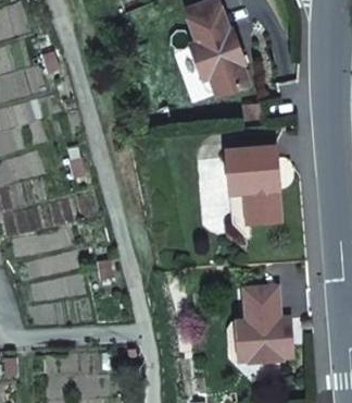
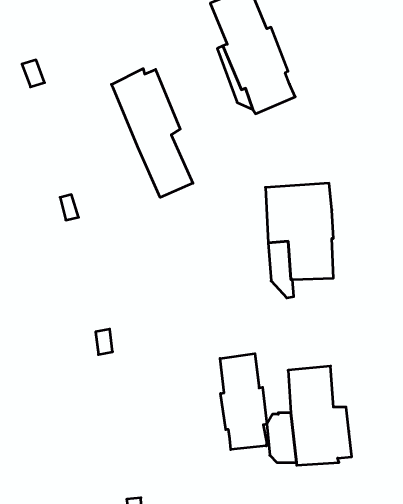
building: none -> [111,69,193,197]
building: none -> [220,354,267,450]

